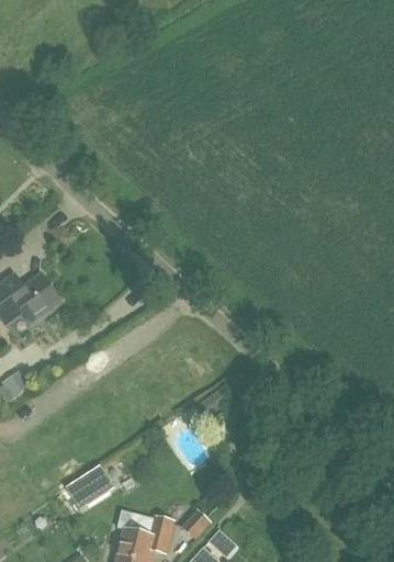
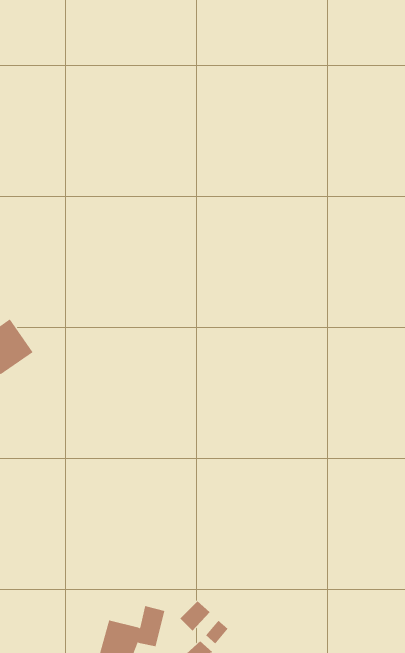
building: [65,464,112,506] -> none

